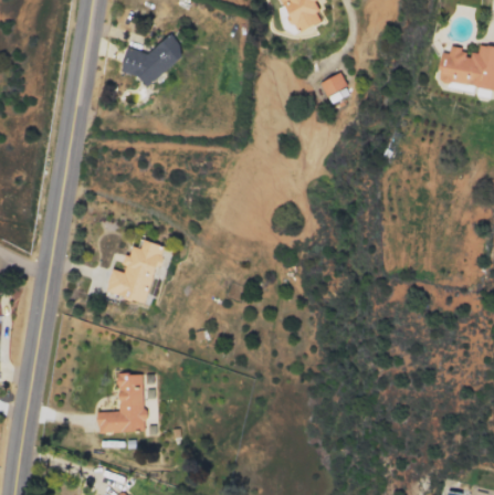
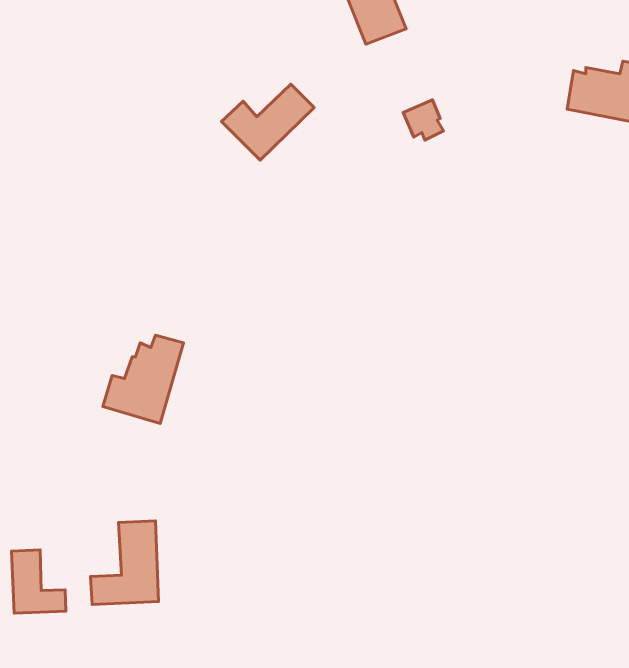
building: [119,34,186,88] -> [221,84,314,160]
building: none -> [11,550,66,613]

